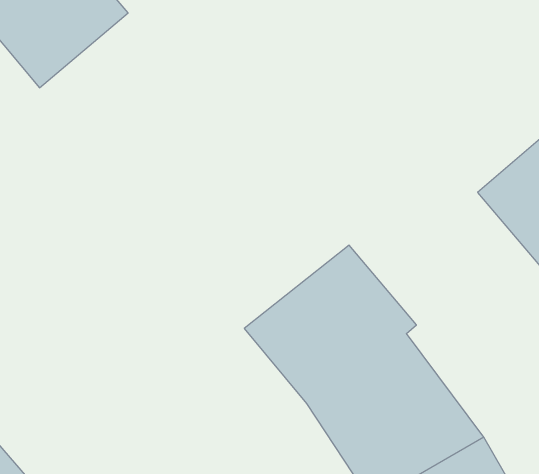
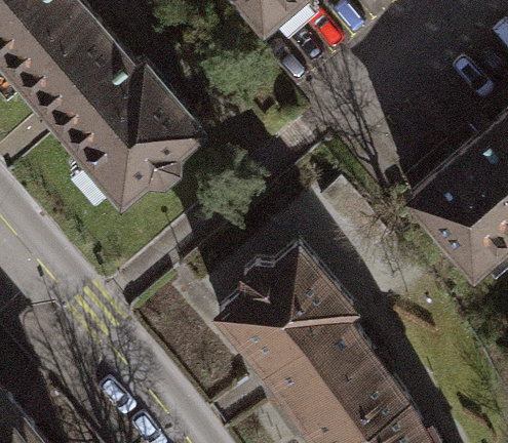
building: none -> [45,51,202,213]

